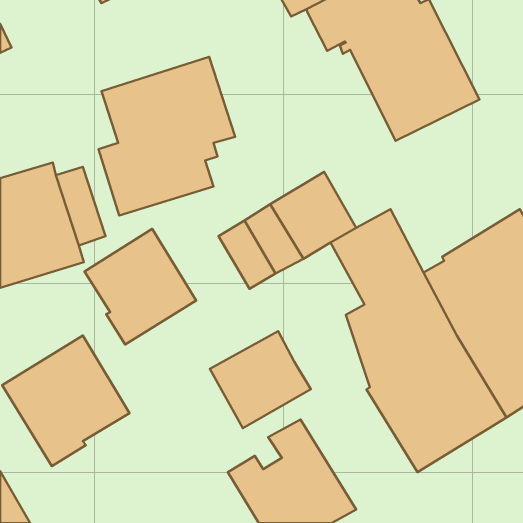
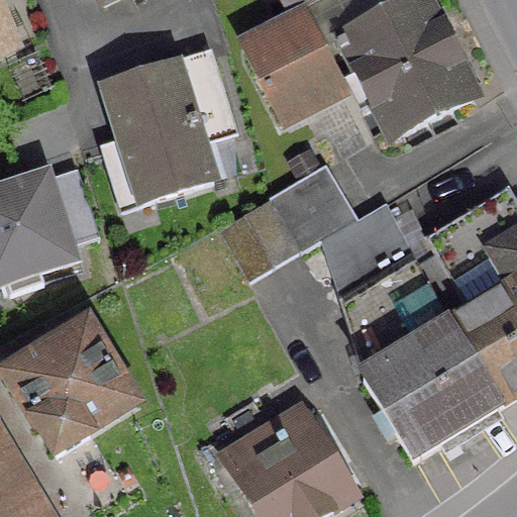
building: none -> [242,12,345,121]
building: [85,229,196,344] -> none
building: [210,331,311,428] -> none

